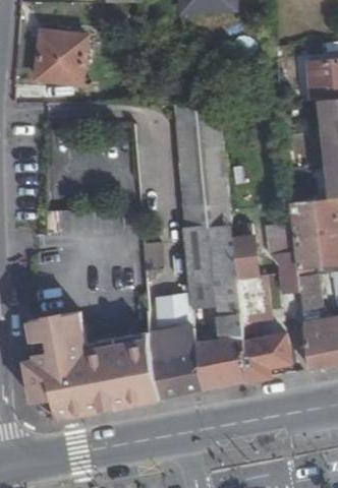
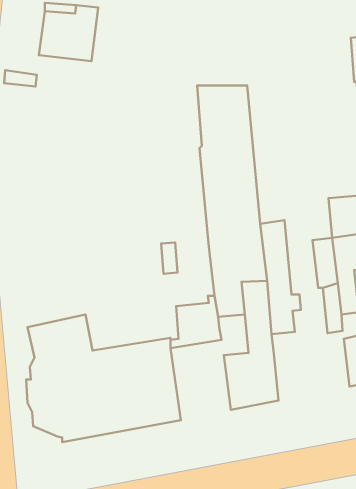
building: [151,323,204,393] -> none
building: [241,329,292,376] -> none

